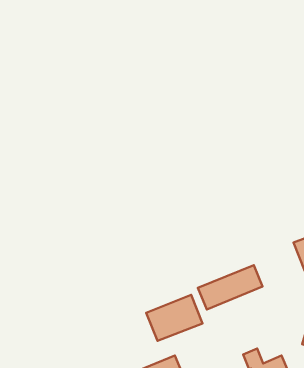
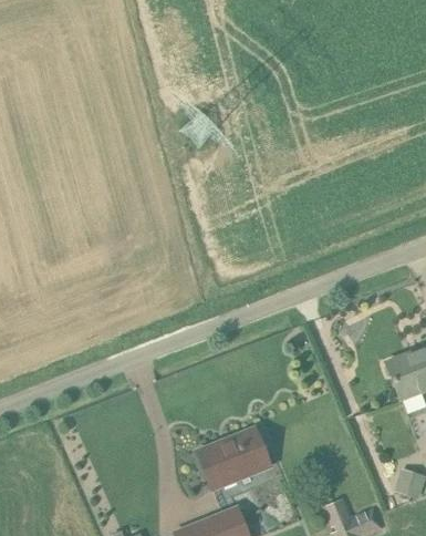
building: [198,265,262,310] -> none

